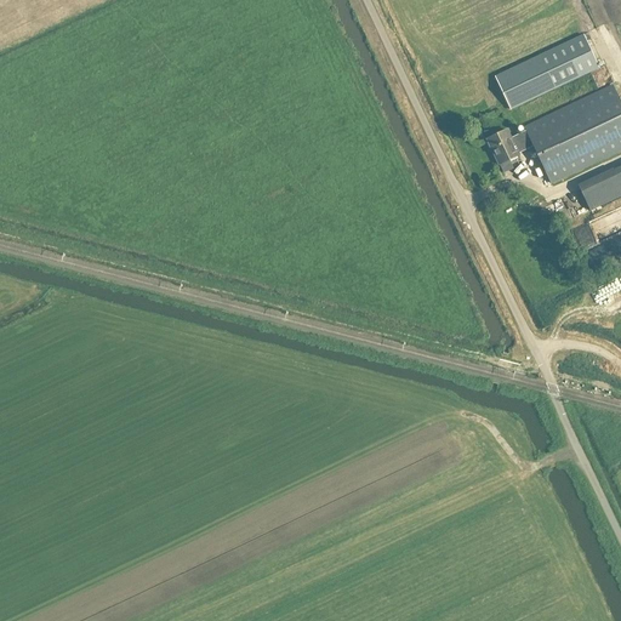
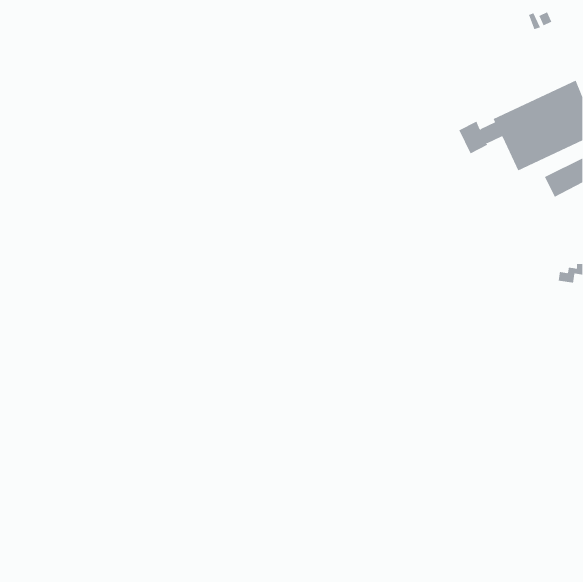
building: [495,34,599,108] -> none

